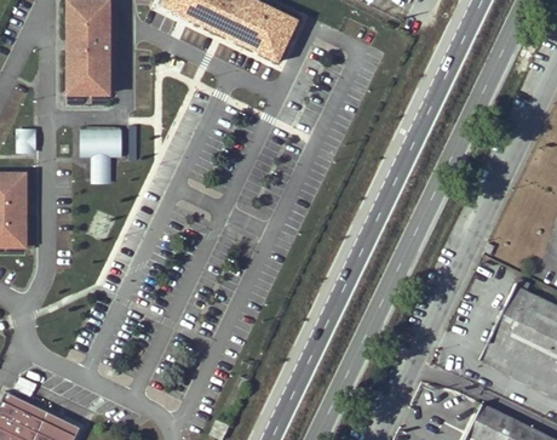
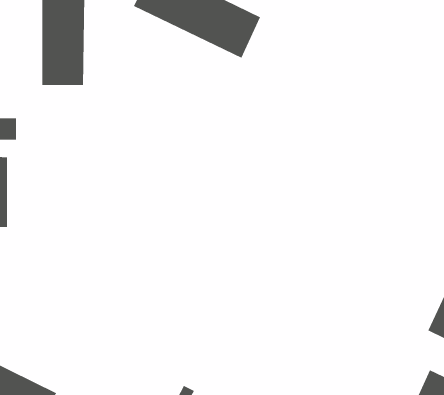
building: [80,130,121,184] -> none

